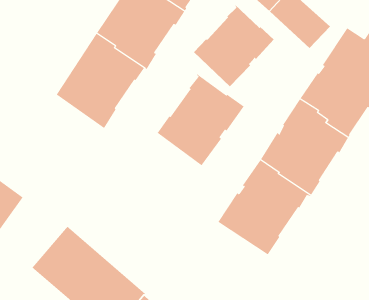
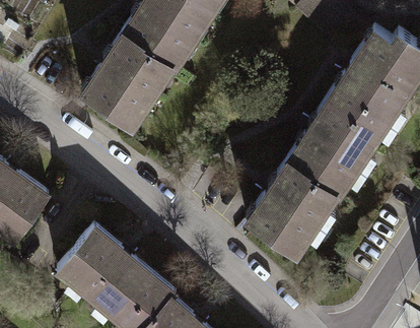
building: [193,4,274,87] -> none
building: [157,73,244,166] -> none

